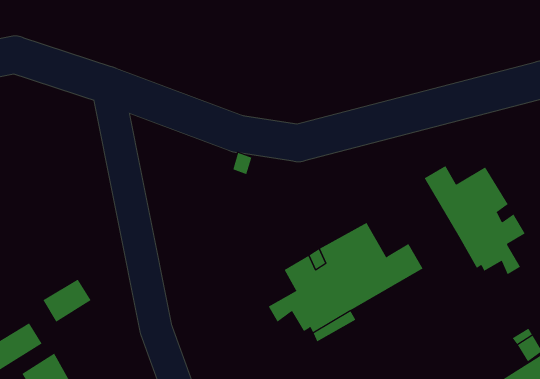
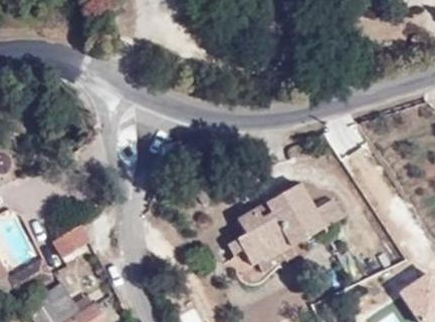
building: [424,165,525,275] -> none

